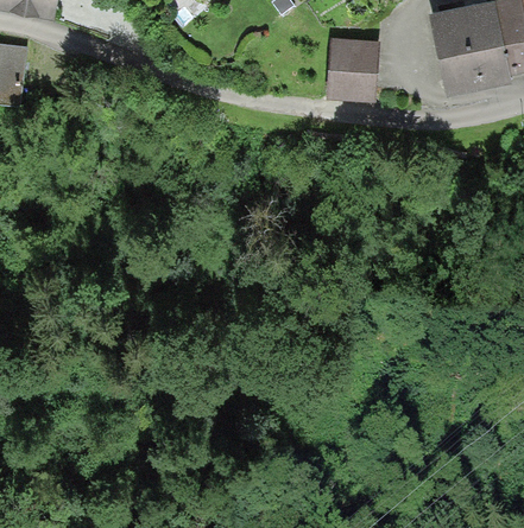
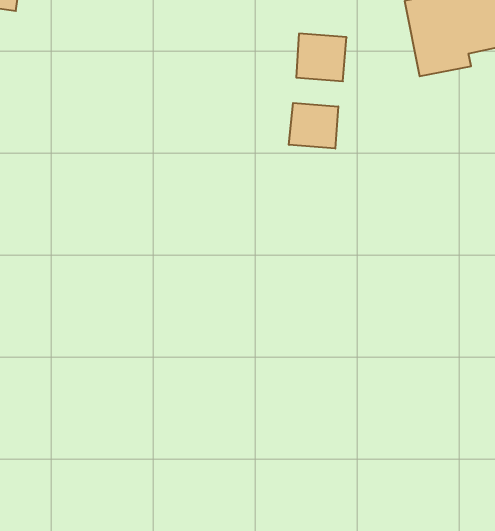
building: none -> [289,103,338,149]

